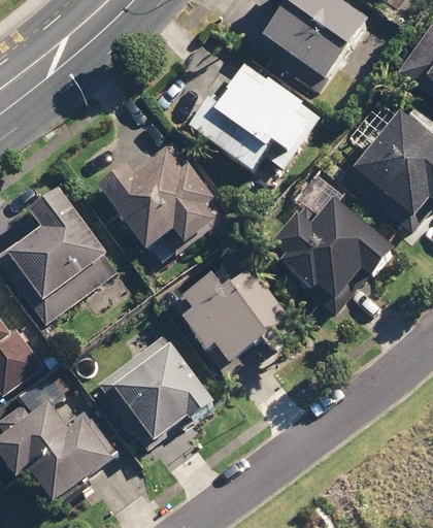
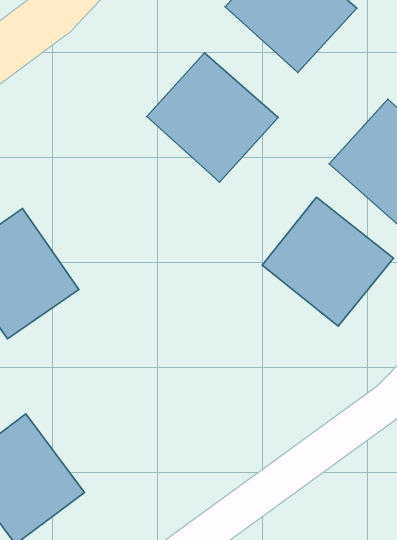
building: [113,147,228,264] -> none
building: [179,246,294,363] -> none
building: [102,333,218,450] -> none

